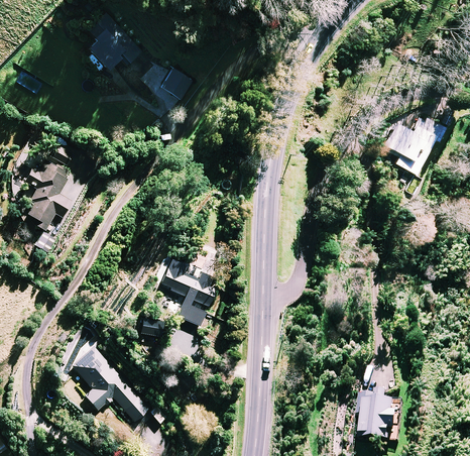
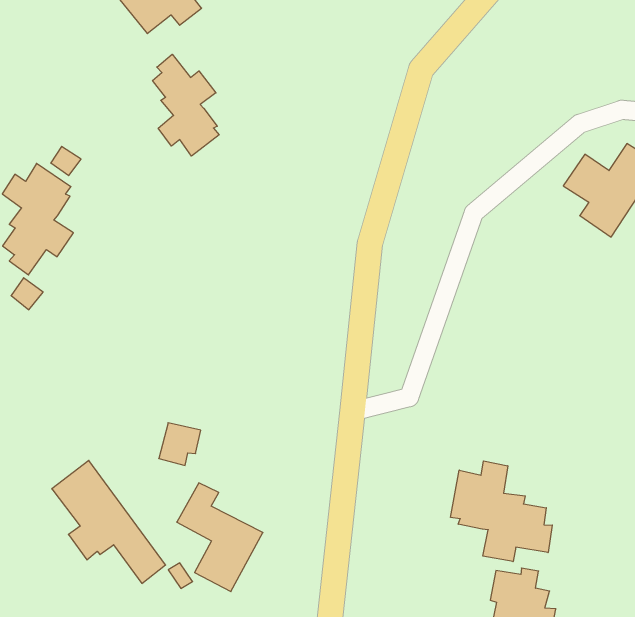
building: none -> [153,54,219,156]
building: [161,259,217,327] -> [177,483,263,592]
building: none -> [451,461,552,562]

